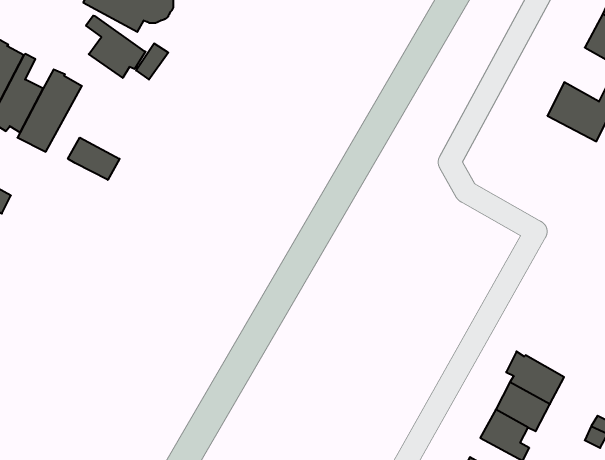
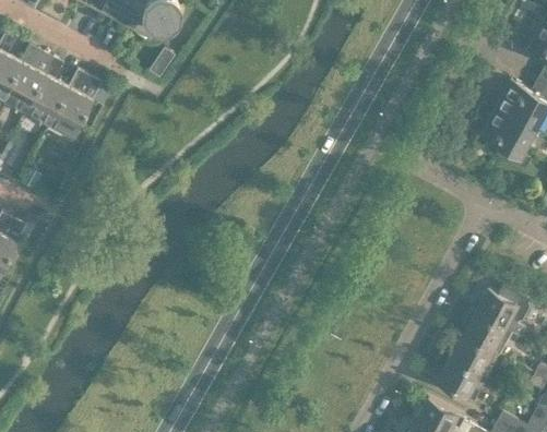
building: [86,16,146,78] -> none
building: none -> [481,108,538,170]
building: [68,138,120,180] -> none
building: none -> [478,286,530,335]

